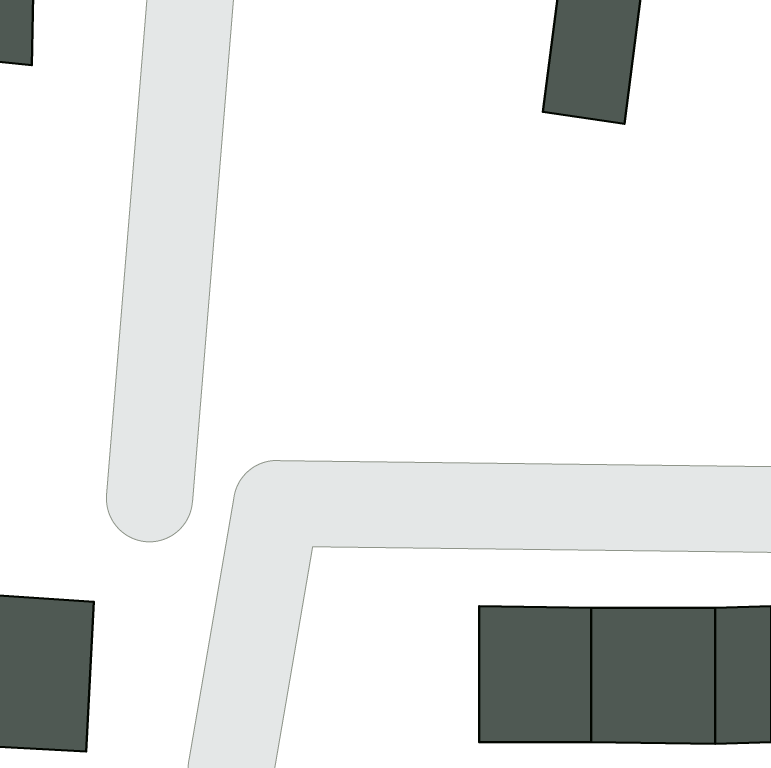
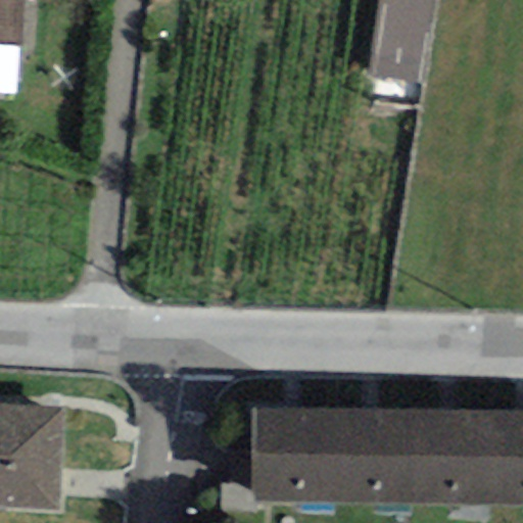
building: none -> [251,410,324,502]

